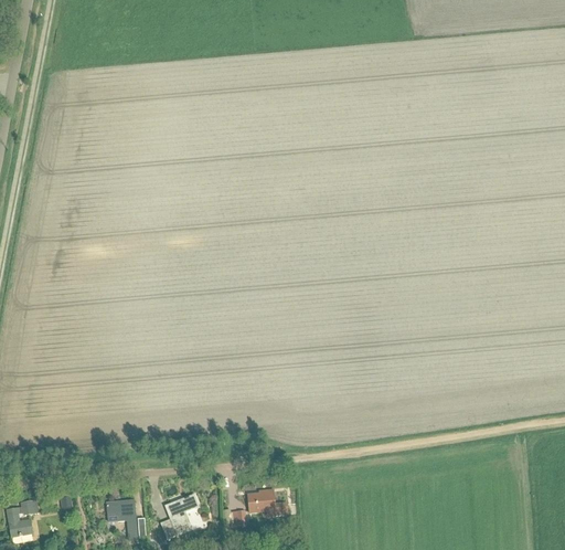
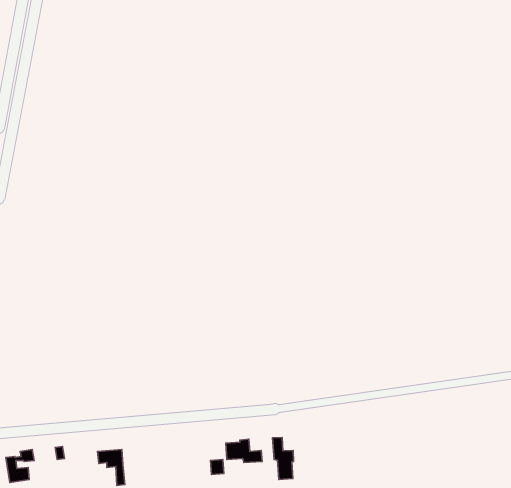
building: none -> [273,438,294,480]
building: [159,494,199,537] -> none

